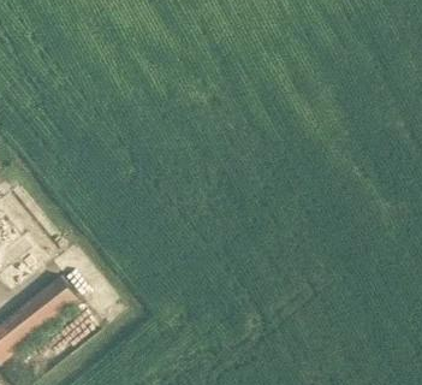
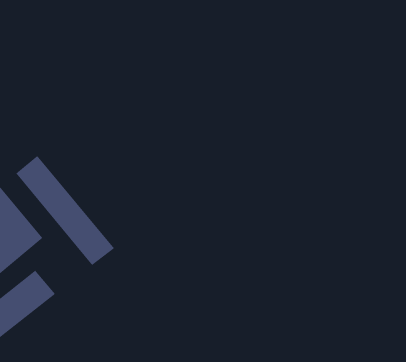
building: none -> [16,155,115,266]

